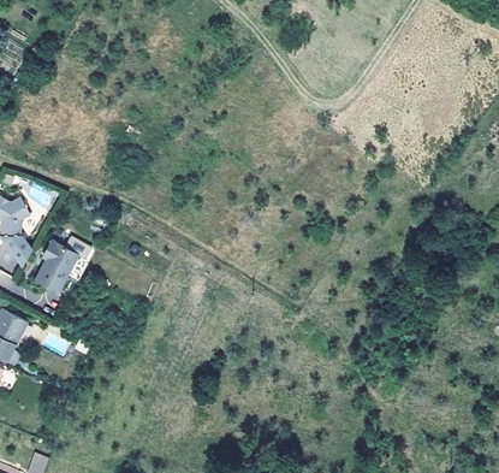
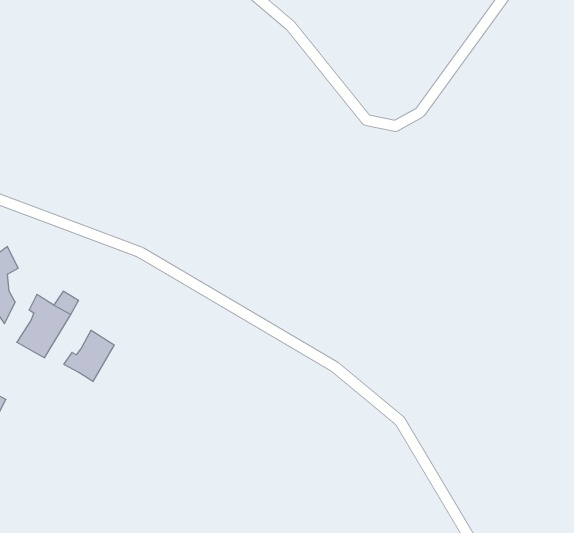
building: none -> [64,330,114,382]

